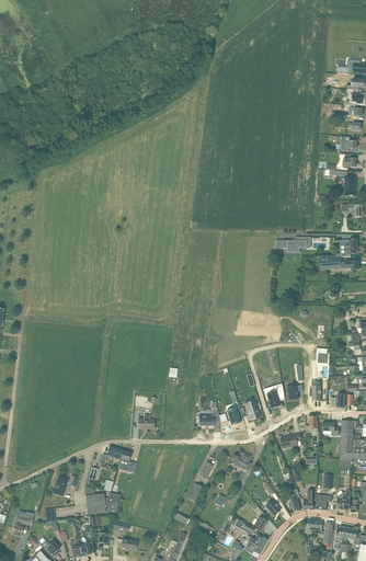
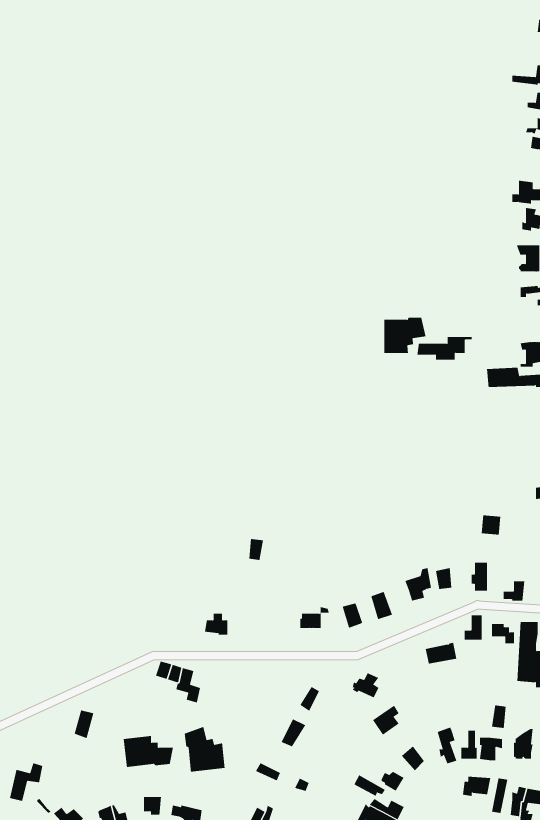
building: none -> [384,317,426,354]
building: none -> [184,726,225,772]

